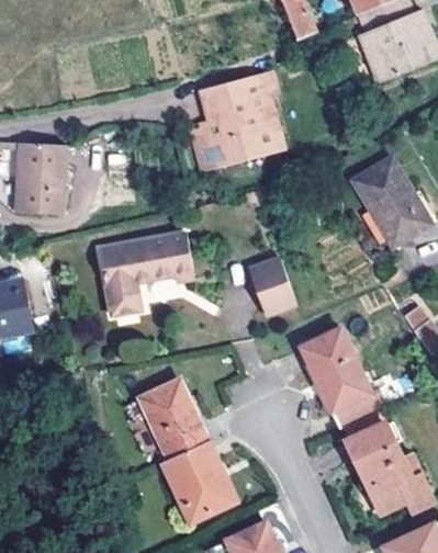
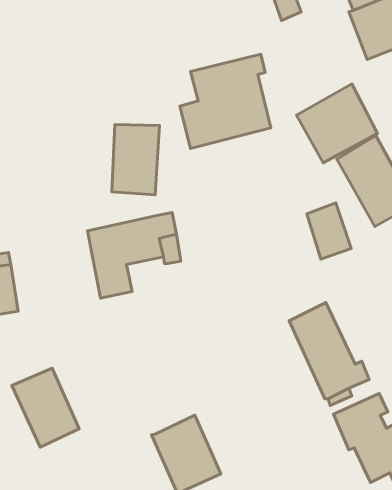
building: none -> [297,84,378,163]
building: [19,138,67,210] -> [112,124,159,195]
building: [249,258,294,315] -> [307,203,351,259]
building: [138,379,206,459] -> [12,368,79,447]

